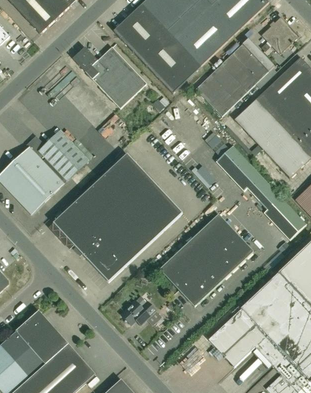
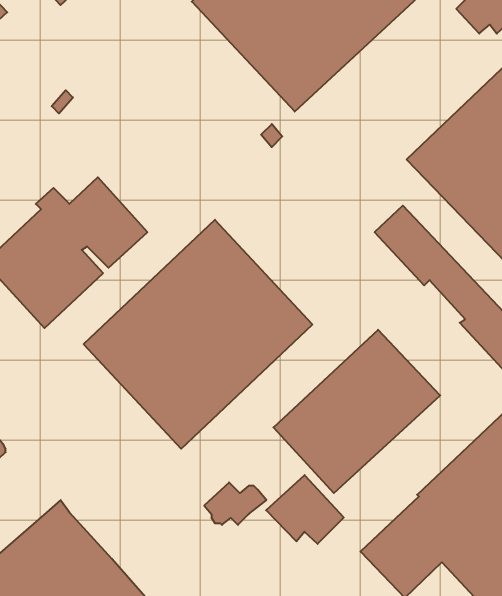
building: [196,37,275,115] -> none
building: [73,46,147,108] -> none
building: none -> [266,475,344,544]

